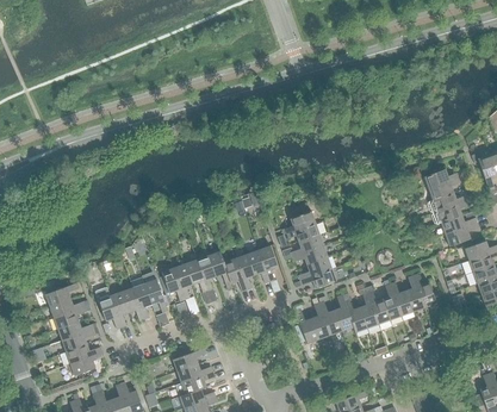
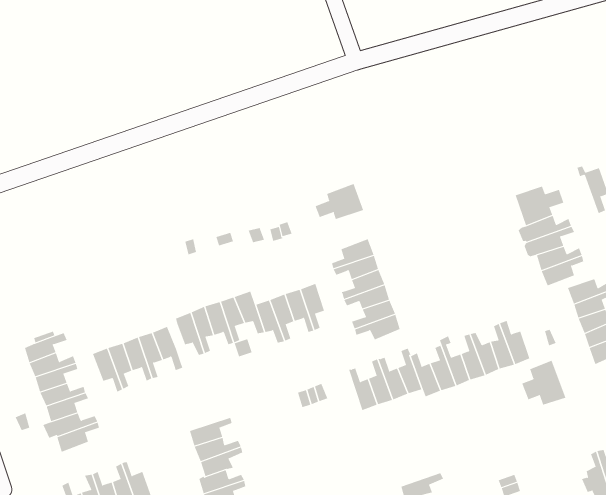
building: none -> [315,183,364,220]
building: none -> [522,360,566,406]

